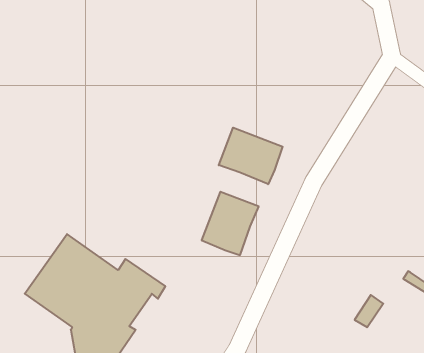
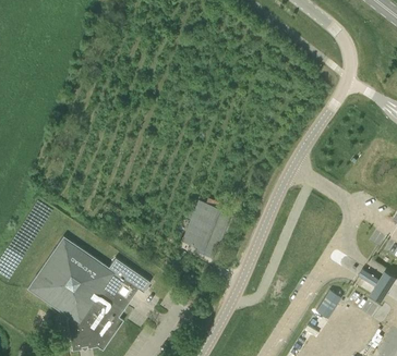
building: [219,128,283,184] -> none

